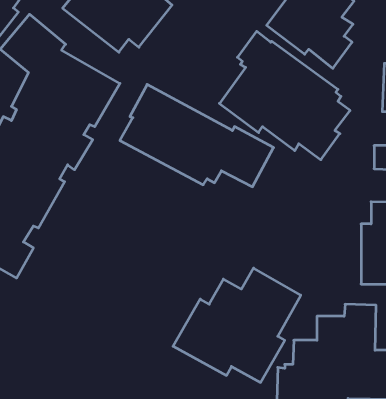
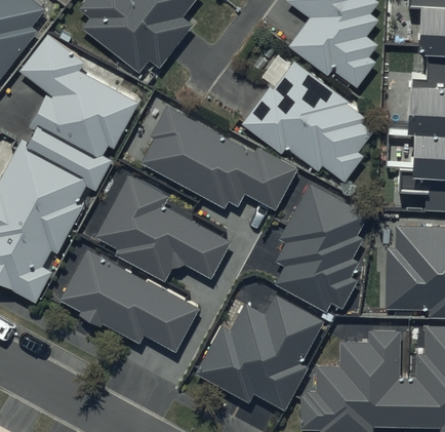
building: none -> [94,174,230,281]
building: none -> [274,182,369,311]
building: none -> [58,248,198,352]

